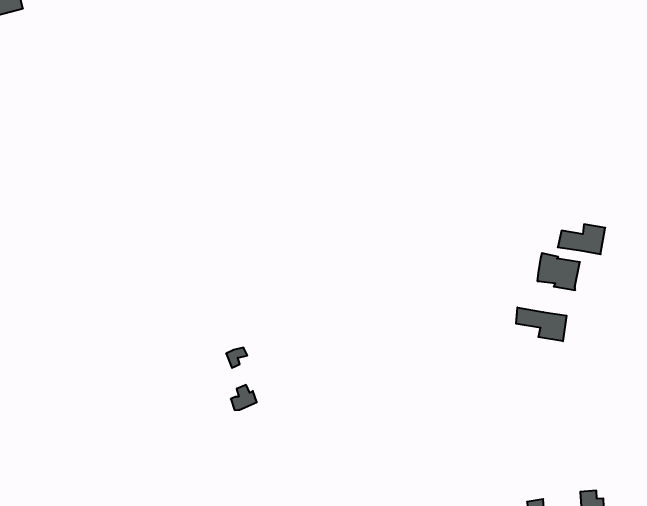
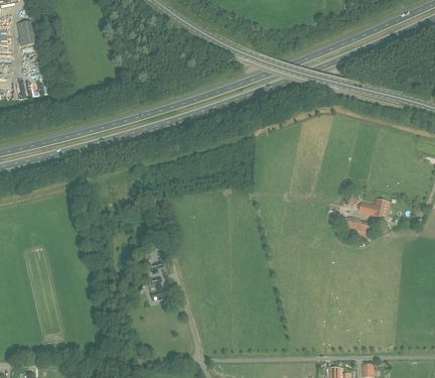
building: [516,307,567,341] -> none

